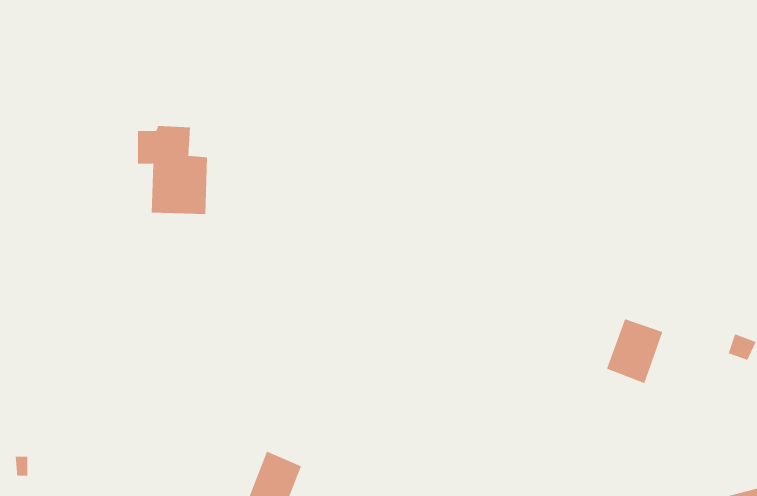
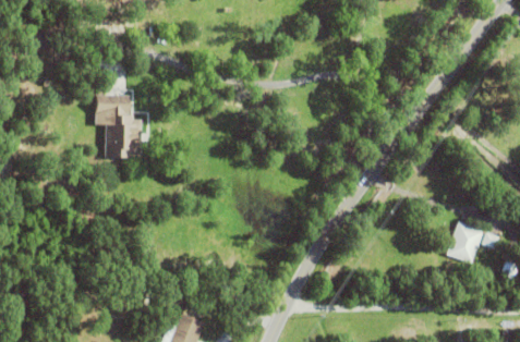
building: [606,318,663,384] -> [445,223,482,266]

